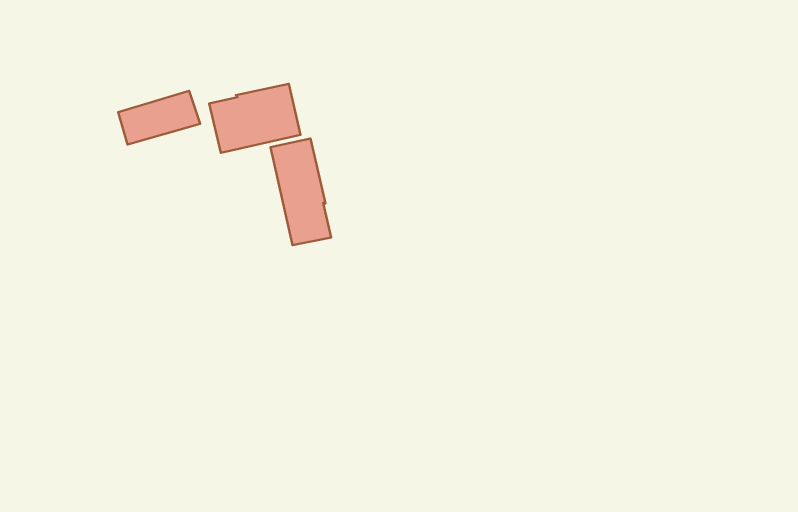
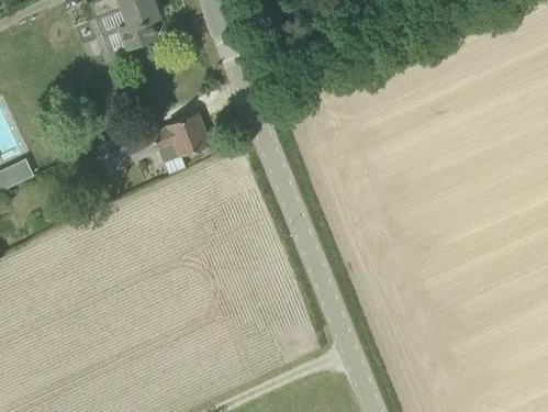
building: [271,139,331,245] -> none

